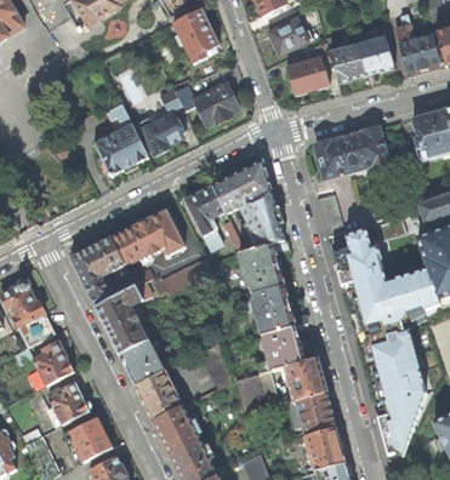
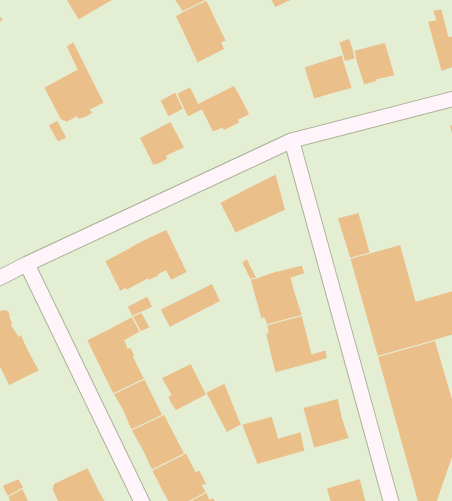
building: [269,19,312,55] -> none
building: [358,38,394,74] -> none
building: [95,103,148,173] -> [44,42,104,122]
building: [313,127,388,177] -> none
building: [184,185,226,250] -> none
building: [239,192,285,246] -> none
building: [70,236,125,305] -> none
building: [257,325,304,372] -> none
building: none -> [161,363,207,411]
building: [33,341,74,384] -> none
building: [47,381,91,424] -> none
building: [296,392,336,435] -> none

